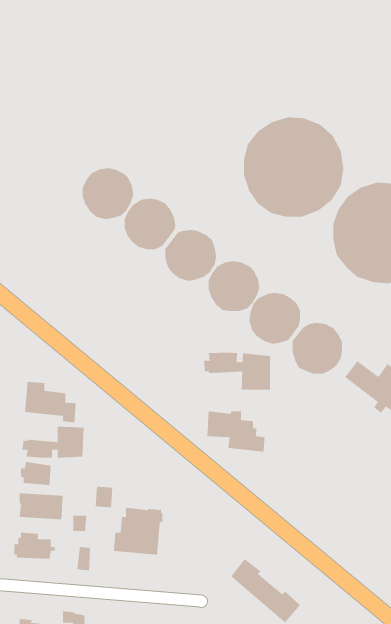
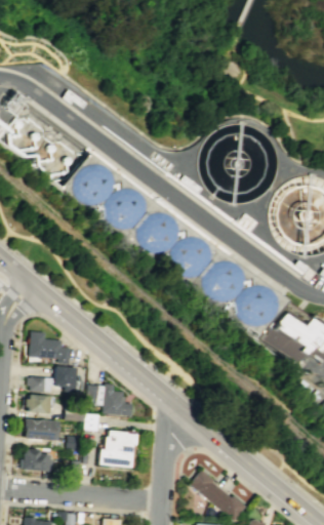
building: [203,352,271,390] -> none
building: [207,410,266,452] -> [86,383,132,416]

